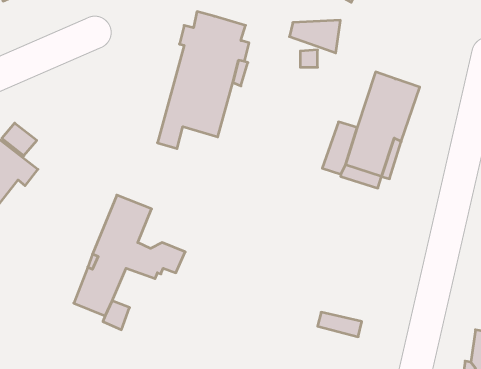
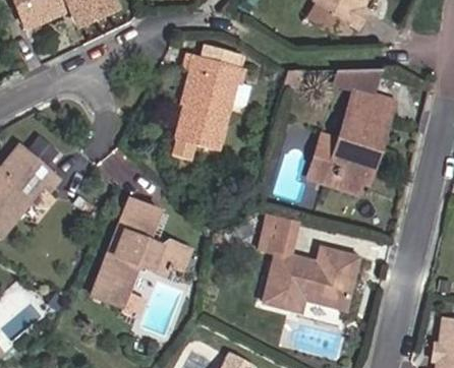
building: [289,20,340,53] -> [333,69,378,98]
building: none -> [259,214,355,312]

